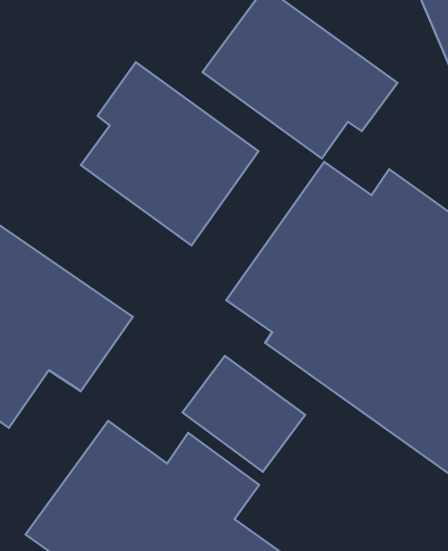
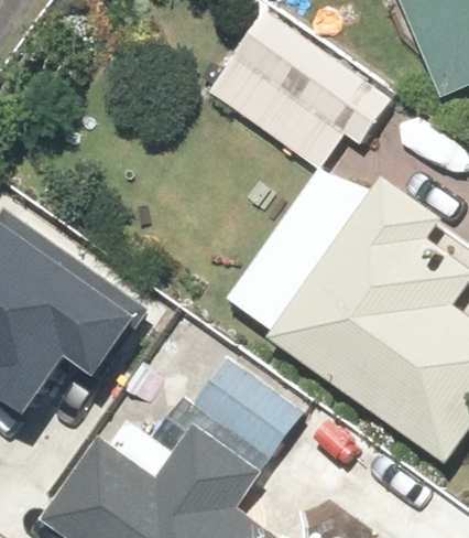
building: [81,62,258,245] -> none

